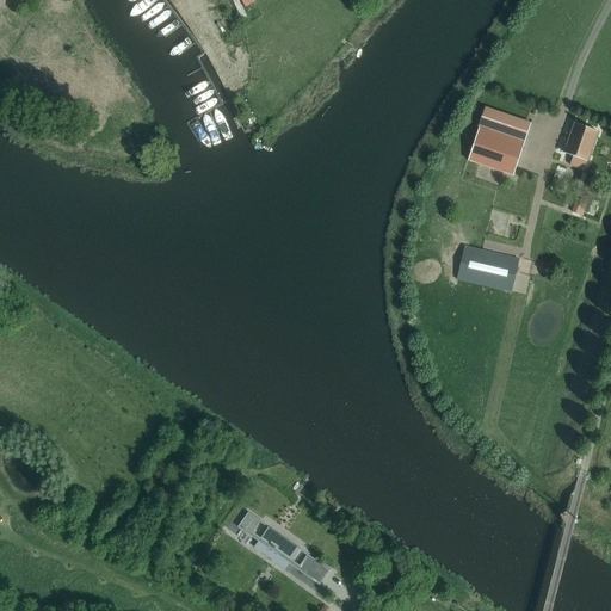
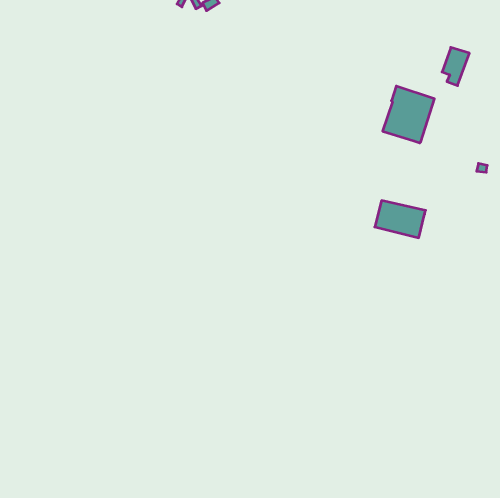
building: [563,121,597,167] -> [442,47,469,86]
building: [237,510,329,582] -> none

